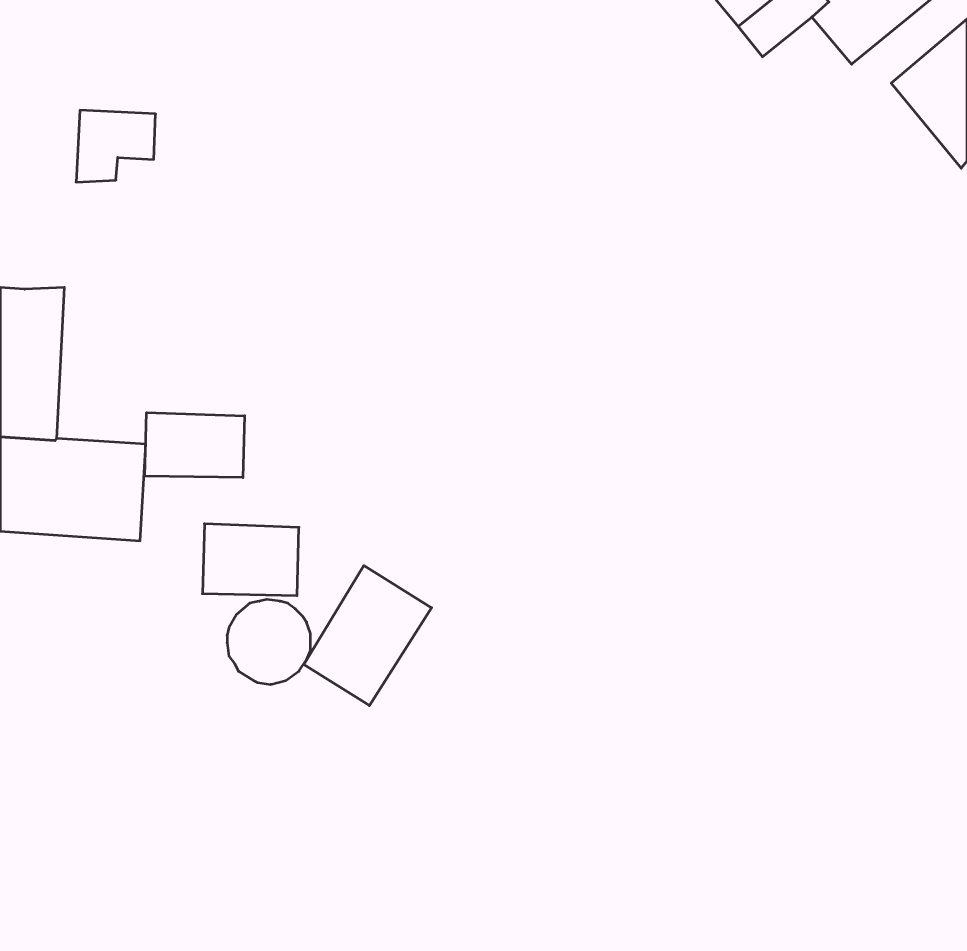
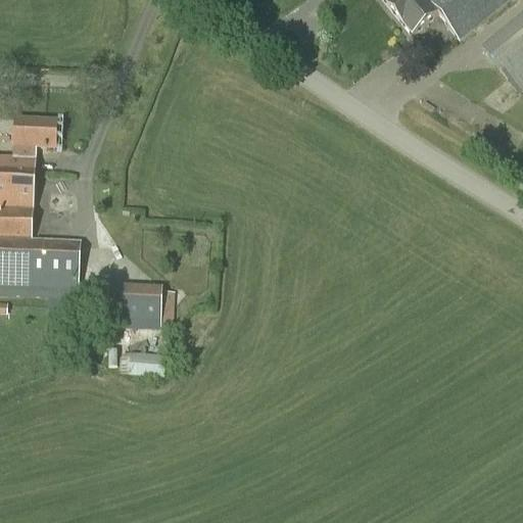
building: [76,110,156,182] -> [13,117,56,156]
building: [145,413,245,478] -> none
building: [304,566,432,706] -> none

